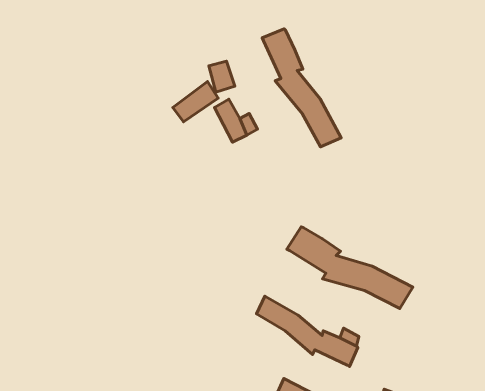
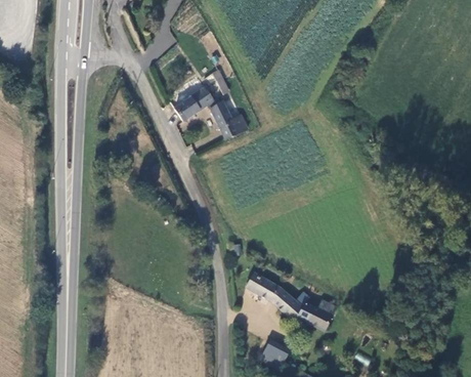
building: [262,29,341,147] -> none
building: [287,227,413,308] -> none

